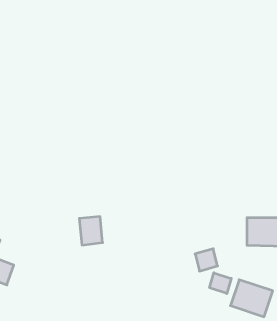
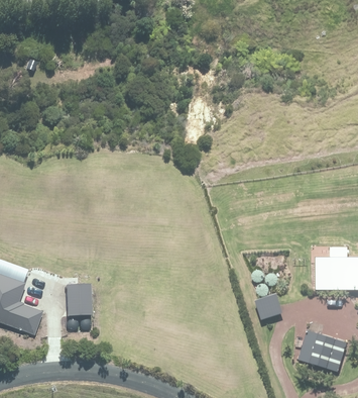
building: [79,217,103,245] -> [66,282,93,315]
building: [210,273,231,294] -> none

